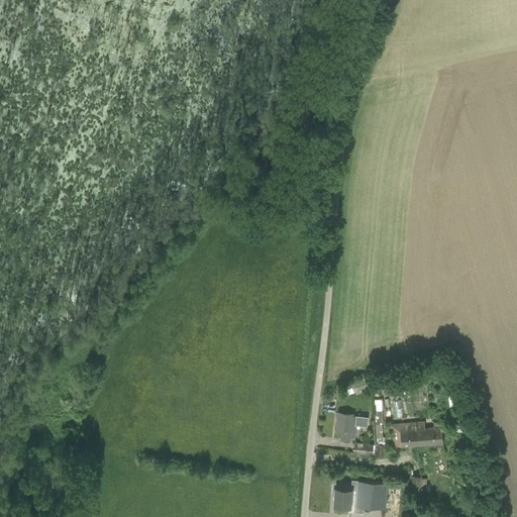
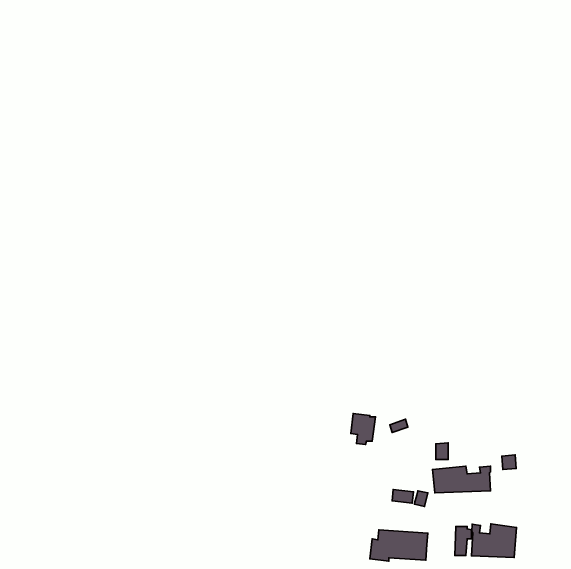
building: [336,414,358,442] -> [351,413,376,445]
building: none -> [472,524,516,558]

